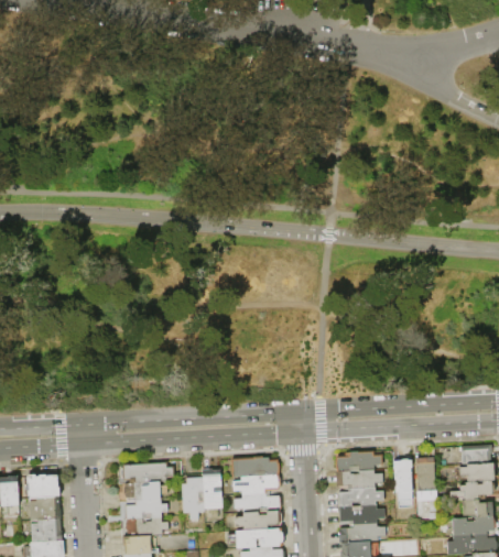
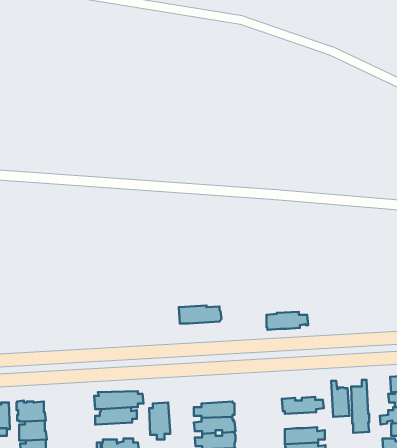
building: [335,452,383,473] -> [266,312,308,330]
building: [230,458,280,479] -> [179,305,222,323]
building: [203,470,221,511] -> none
building: [338,489,383,509] -> none
building: [119,501,167,522] -> none

